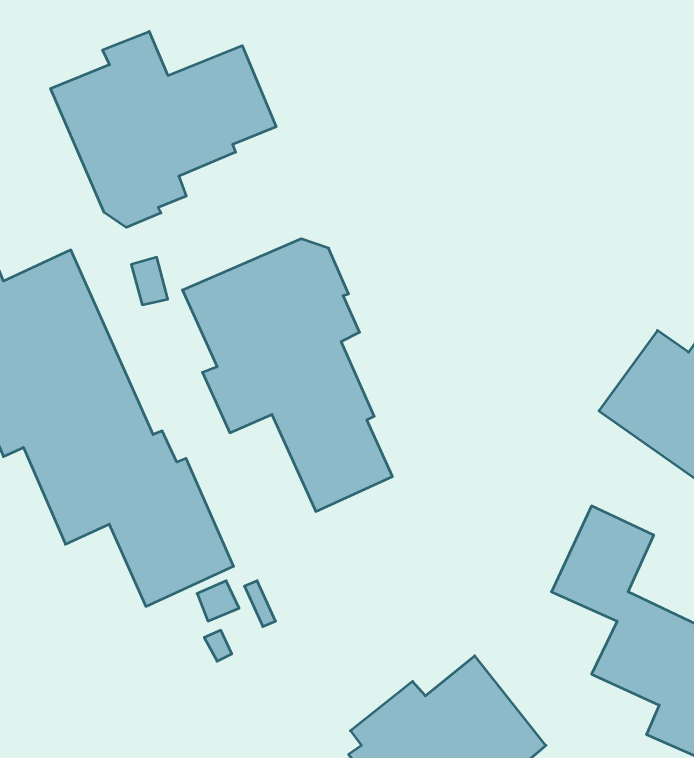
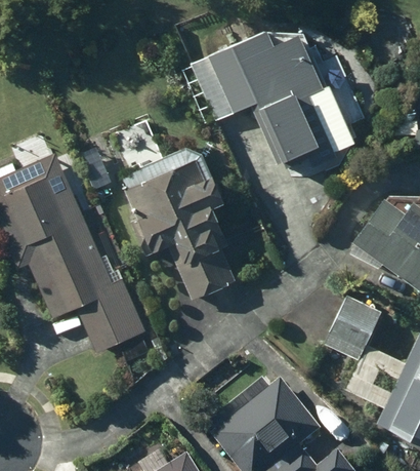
building: [51,31,276,227] -> none
building: none -> [192,31,353,167]

